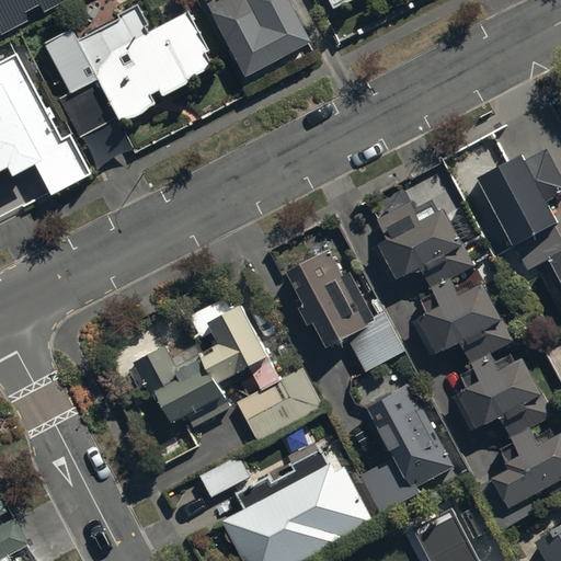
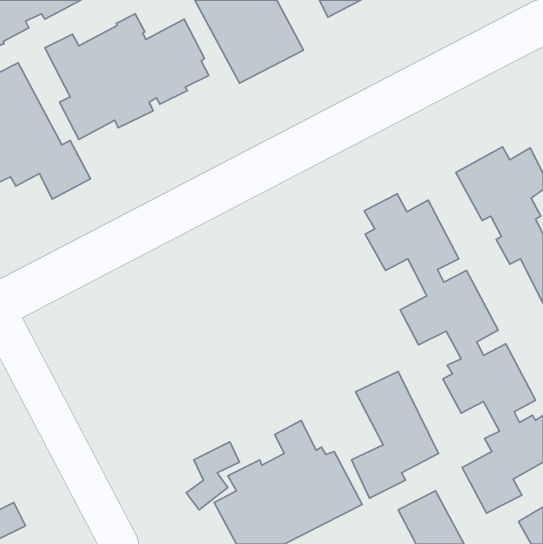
building: [285,248,404,371] -> none
building: [128,295,324,440] -> none

